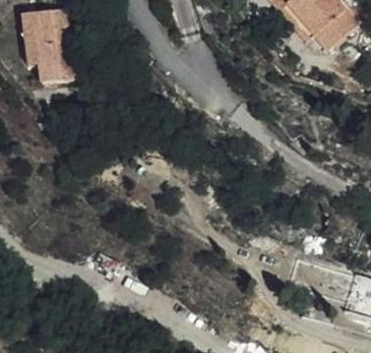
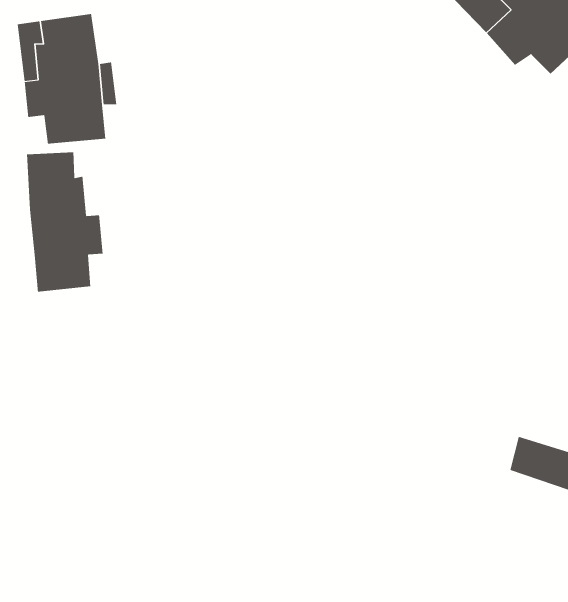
building: none -> [26,152,103,292]

